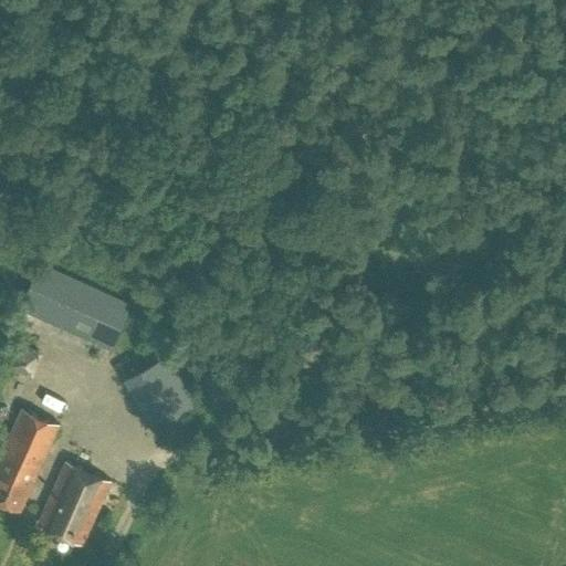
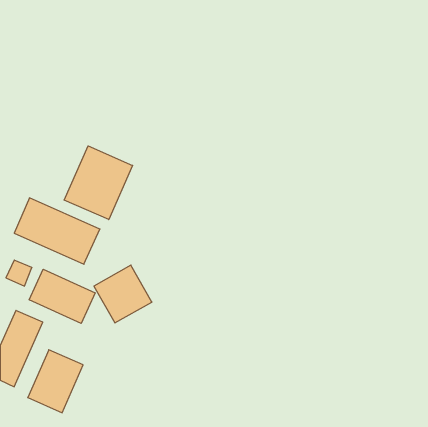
building: none -> [64,146,133,220]
building: none -> [29,269,95,323]

